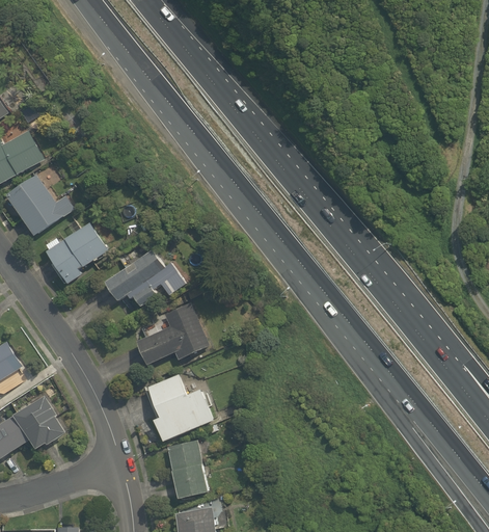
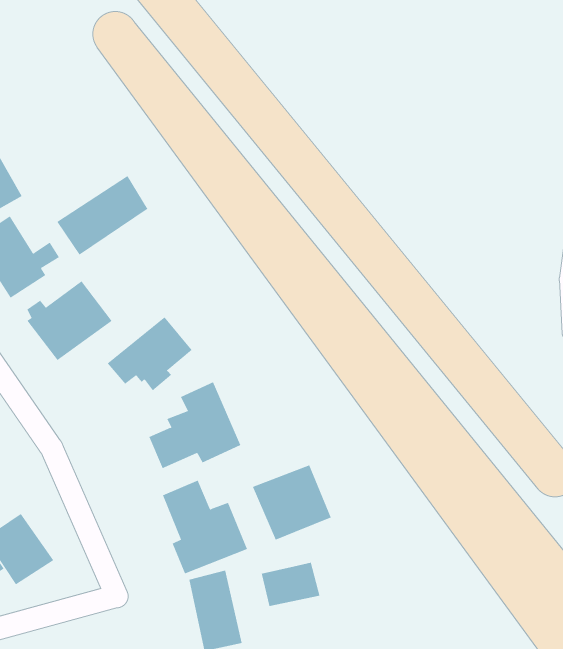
building: none -> [57,175,148,256]
building: none -> [252,465,332,541]
building: none -> [261,562,320,607]

